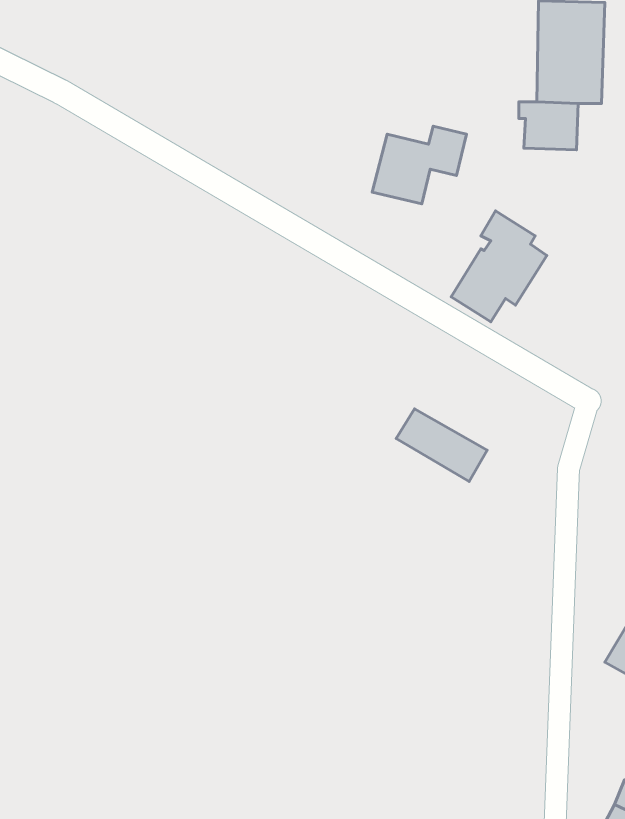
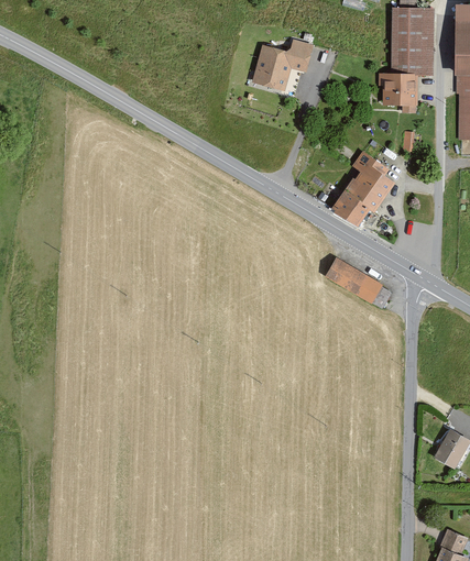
building: [372,126,466,204] -> [252,38,315,90]
building: [396,409,487,481] -> [325,257,385,306]

